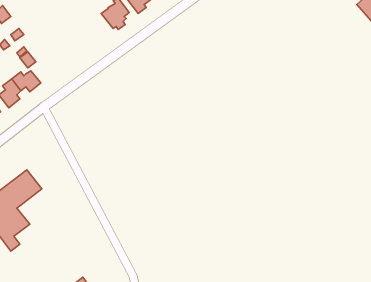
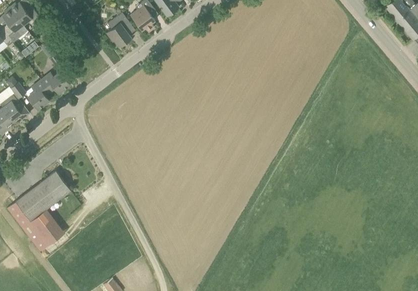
building: none -> [106,12,132,47]

